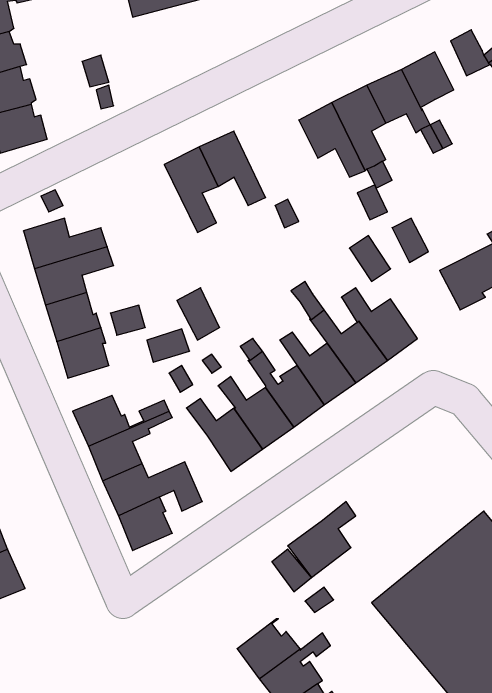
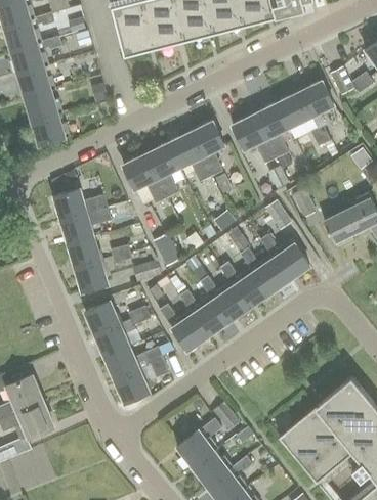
building: none -> [190,121,223,175]
building: none -> [122,153,166,202]
building: [288,502,356,578] -> [176,417,220,466]

